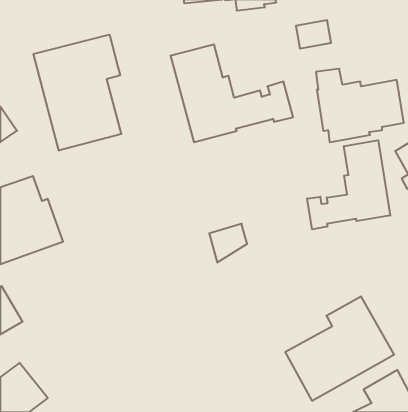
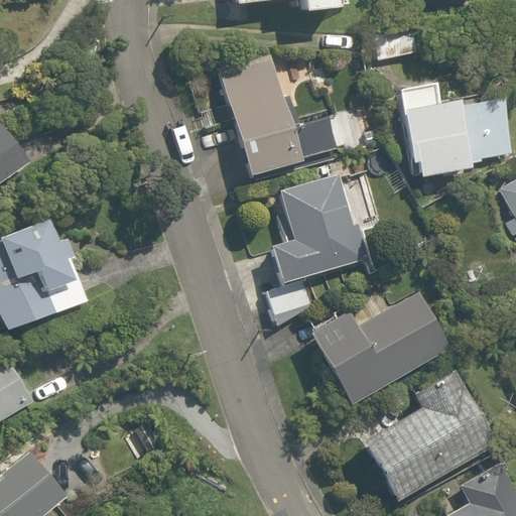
building: [34,35,121,151] -> none
building: none -> [270,173,369,284]
building: [307,140,390,229] -> none
building: none -> [309,290,453,404]

